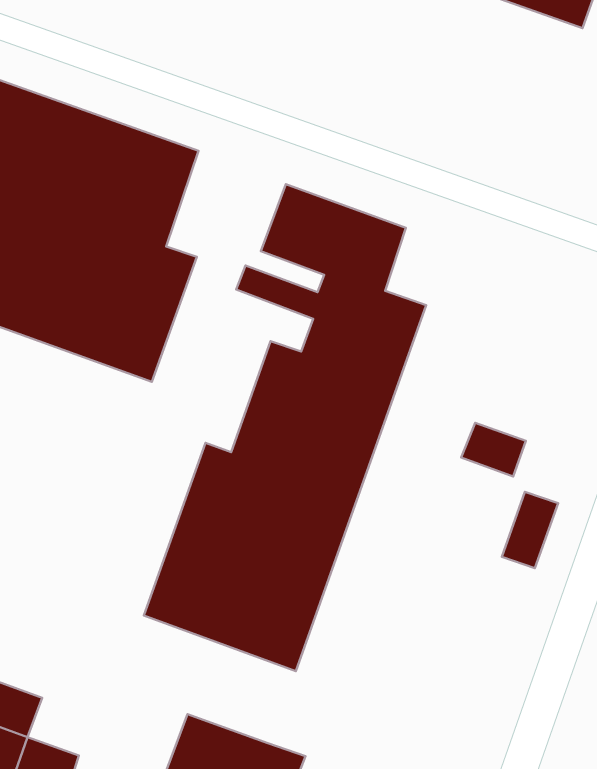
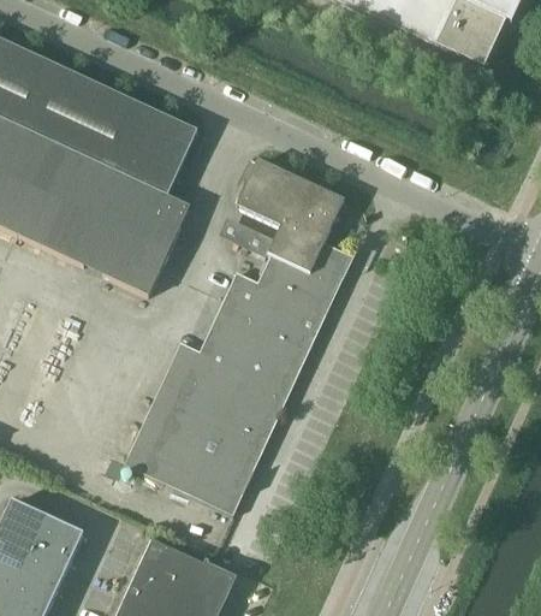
building: [461,423,526,476] -> none
building: [502,492,558,568] -> none
building: none -> [34,516,83,561]

